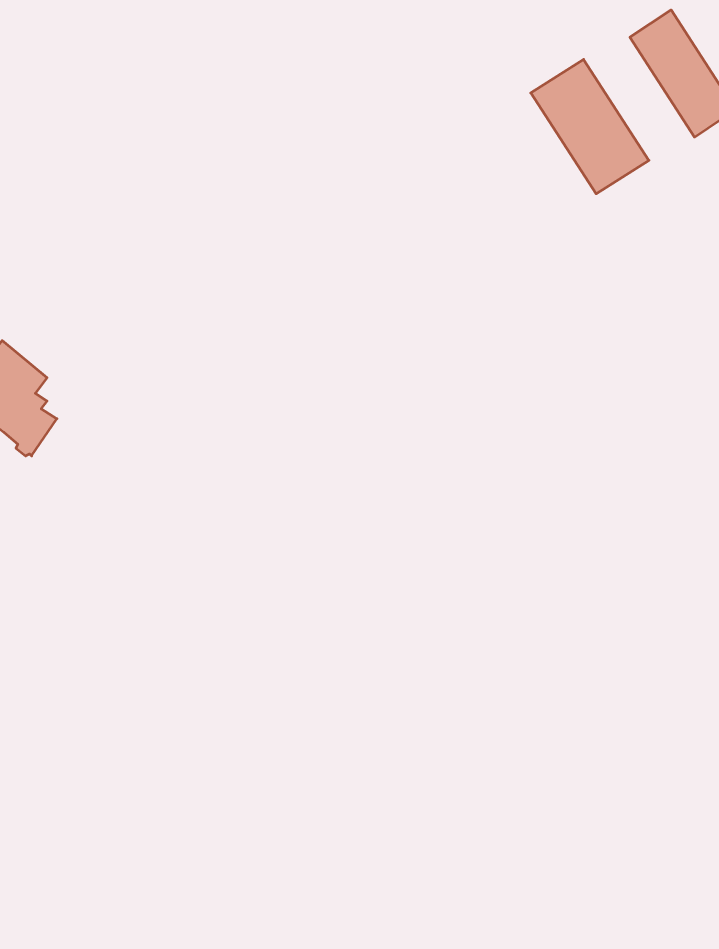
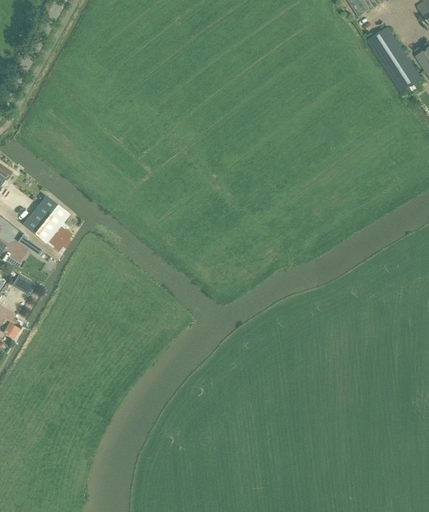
building: [531,59,649,194] -> none

